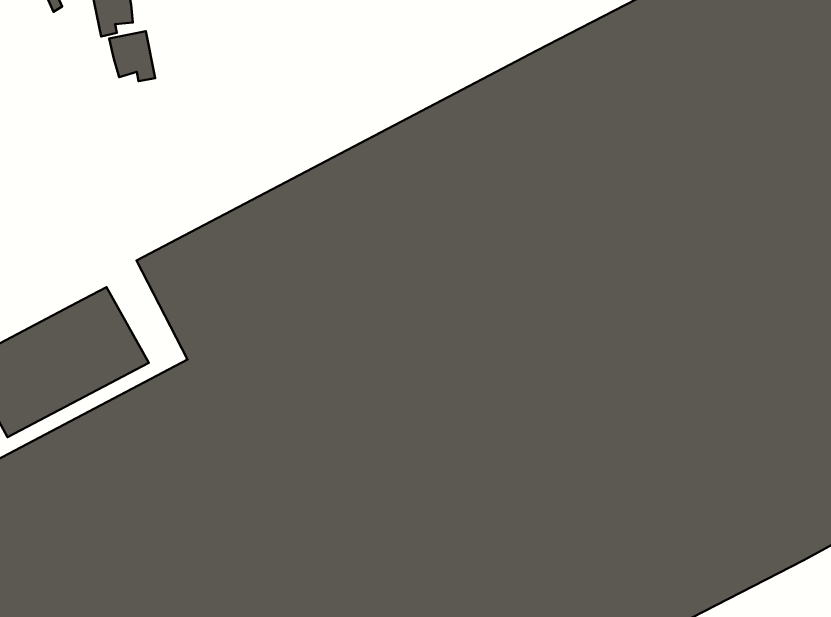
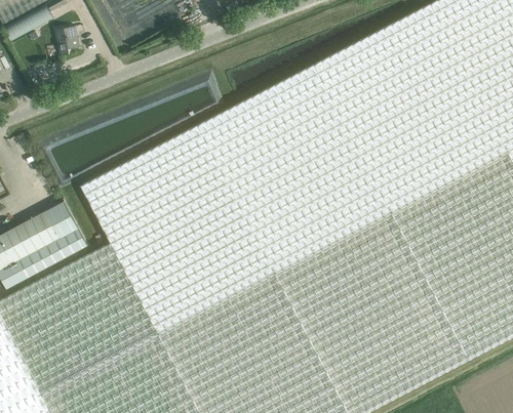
building: [109,31,155,81] -> none

